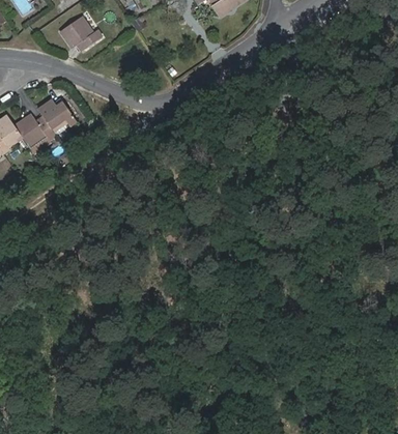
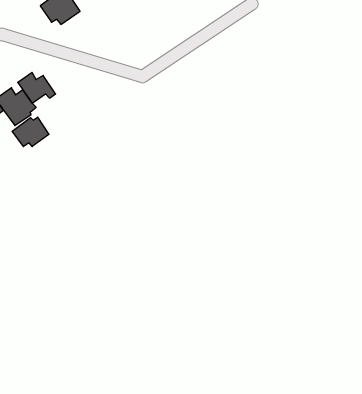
building: none -> [12,117,49,147]

